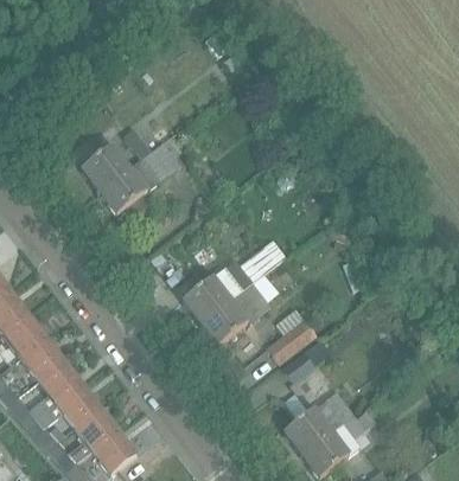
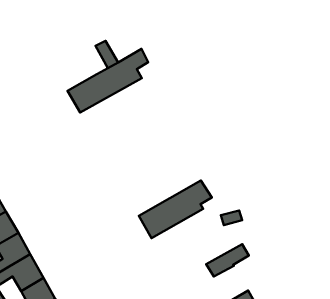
building: [79,143,128,190] -> none
building: [181,236,286,321] -> none
building: [269,319,314,363] -> none

